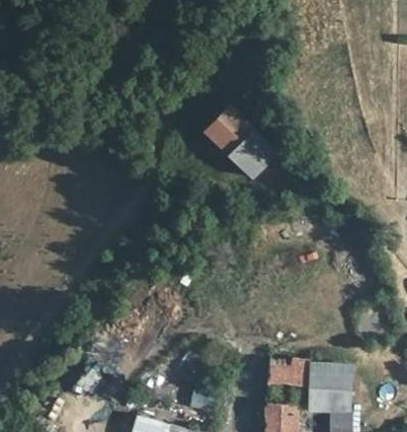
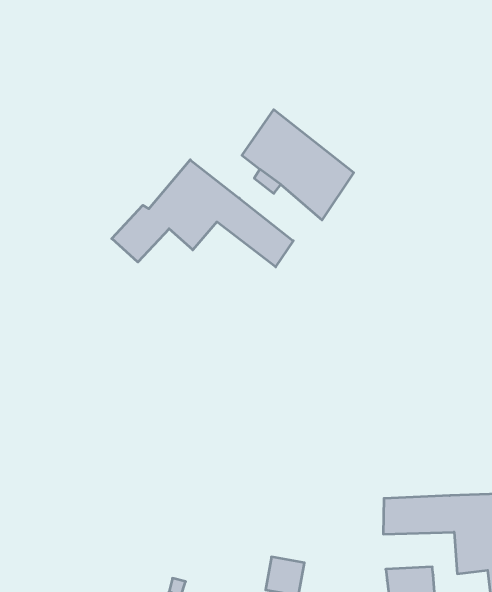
building: none -> [112,160,293,267]

